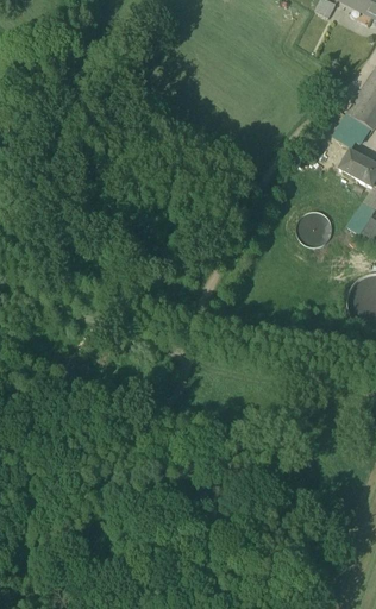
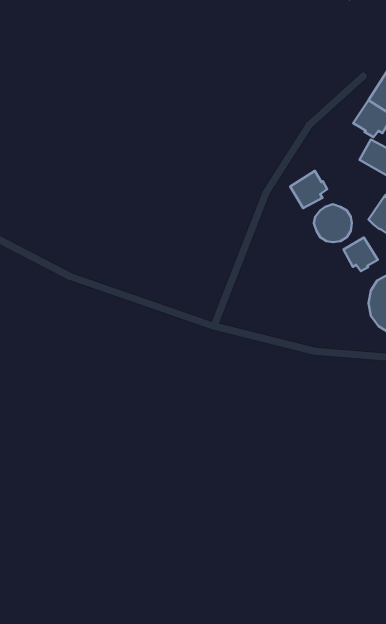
building: none -> [290,171,327,208]
building: none -> [344,237,378,271]

